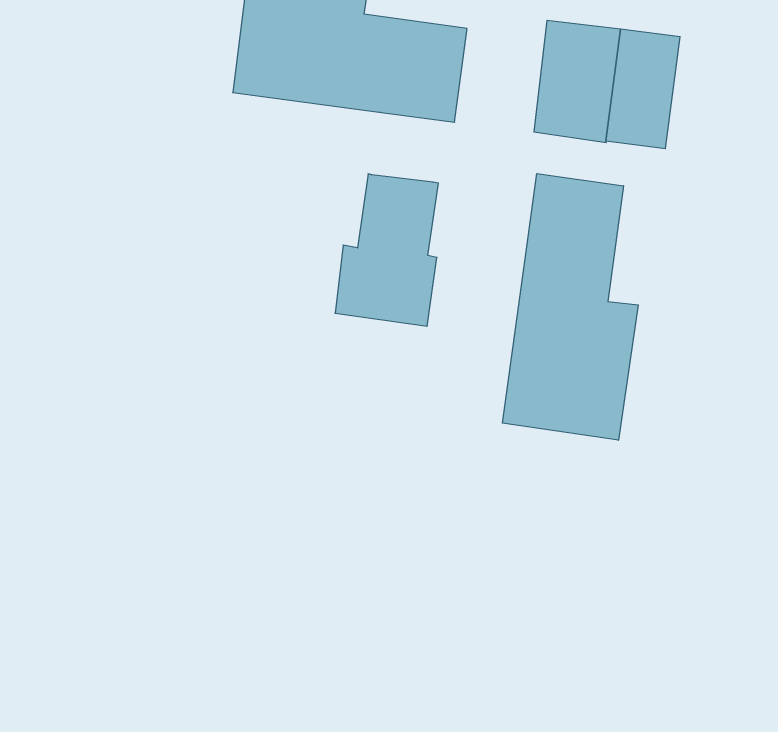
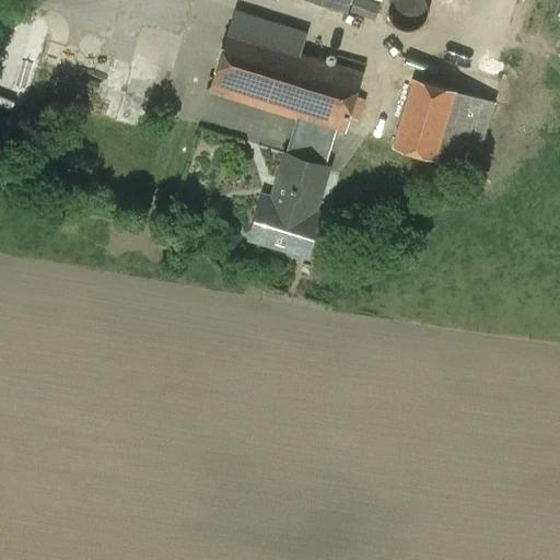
building: none -> [289,115,346,164]
building: [502,174,638,440] -> none

